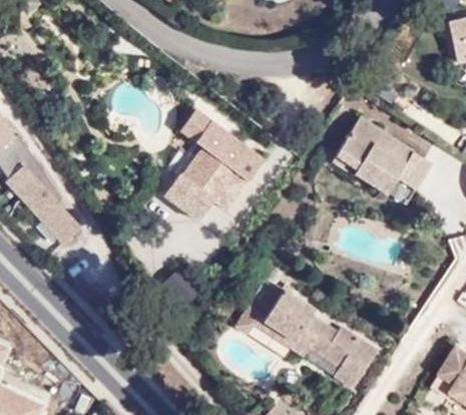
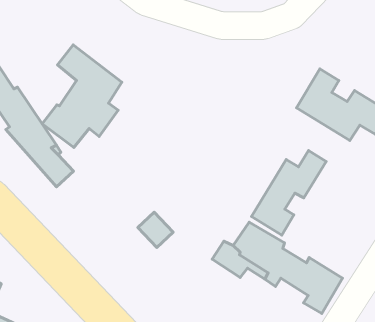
building: [166,109,255,223] -> [42,45,122,147]
building: none -> [252,151,326,235]

